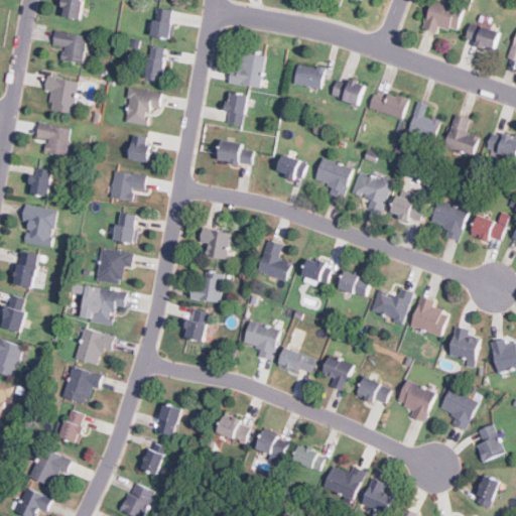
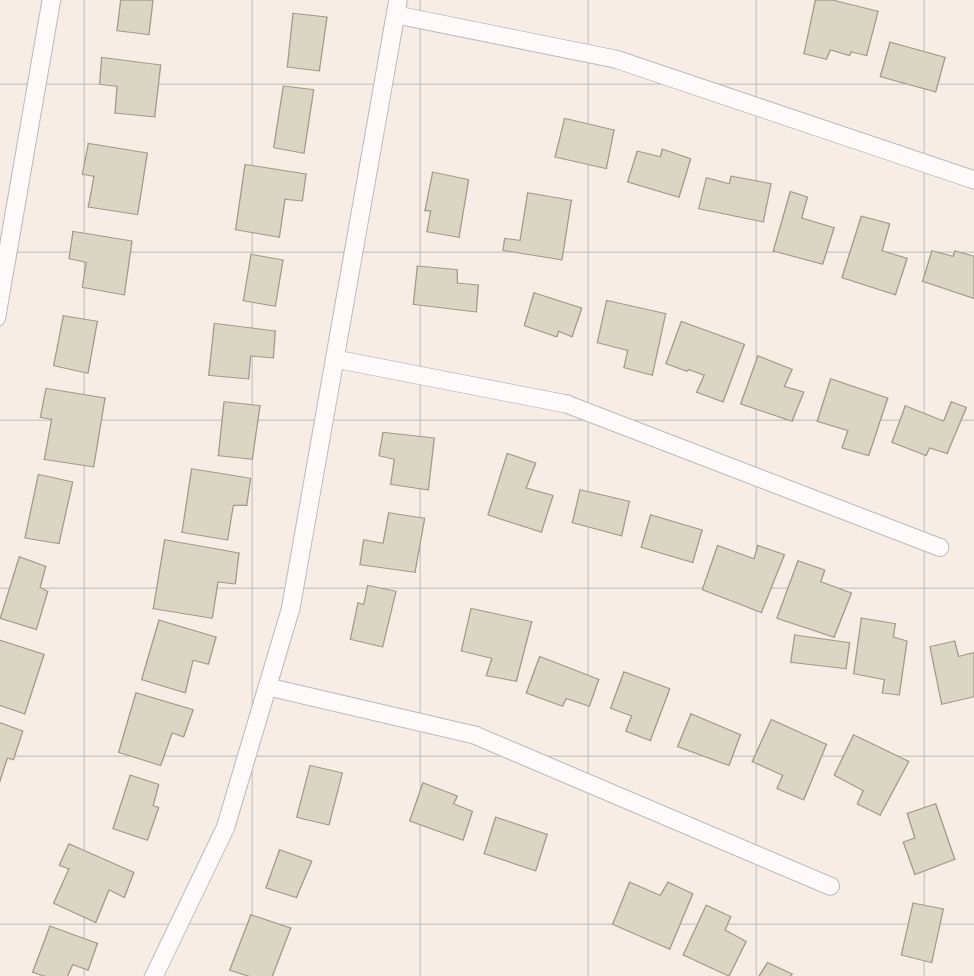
building: [228,52,264,88] -> [503,193,572,260]
building: none -> [791,635,850,669]
building: [292,446,325,471] -> none

